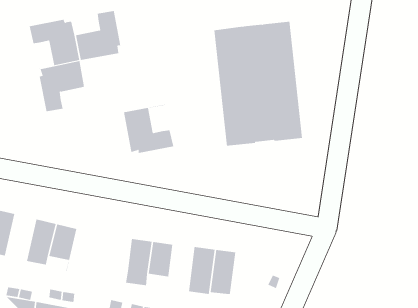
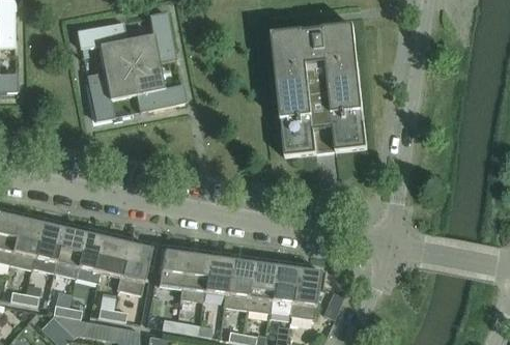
building: [123,104,174,155] -> [132,58,186,112]
building: none -> [53,228,85,278]
building: none -> [118,243,151,294]
building: none -> [158,249,186,288]
building: none -> [224,260,252,310]
building: none -> [290,268,323,319]

